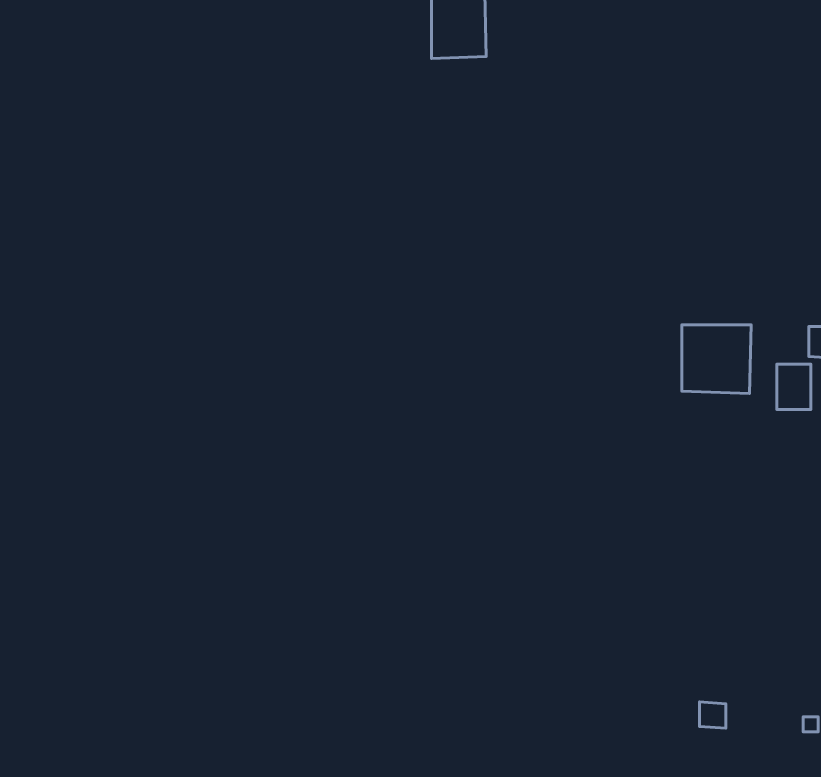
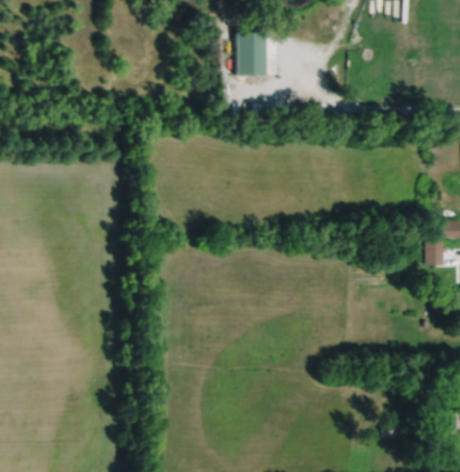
building: [682,325,751,394] -> none

